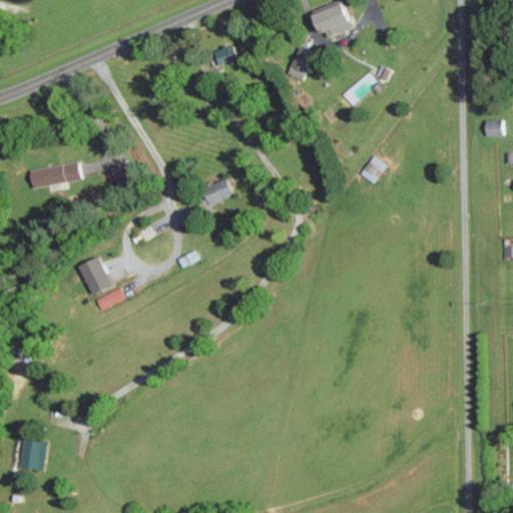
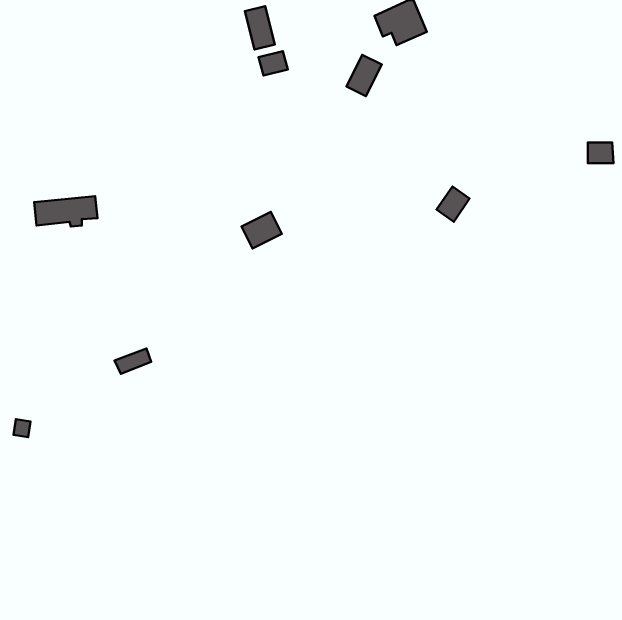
building: none -> [245,6,275,50]
building: [79,256,109,295] -> none
building: [19,440,47,471] -> none

